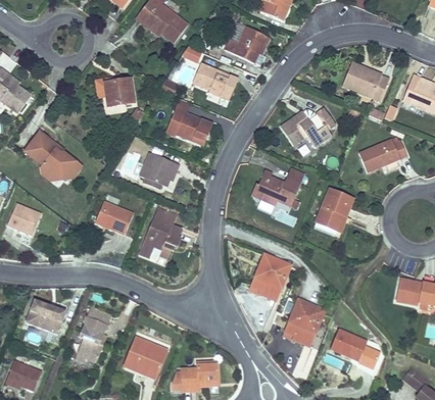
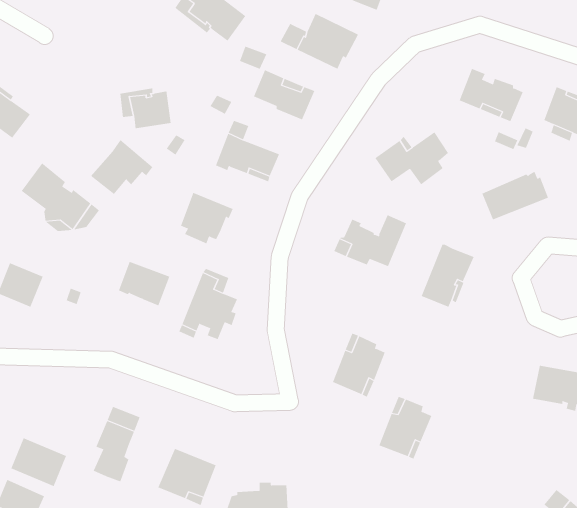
building: none -> [90,139,153,195]
building: [26,298,66,334] -> [10,438,67,487]
building: [330,329,376,361] -> none

